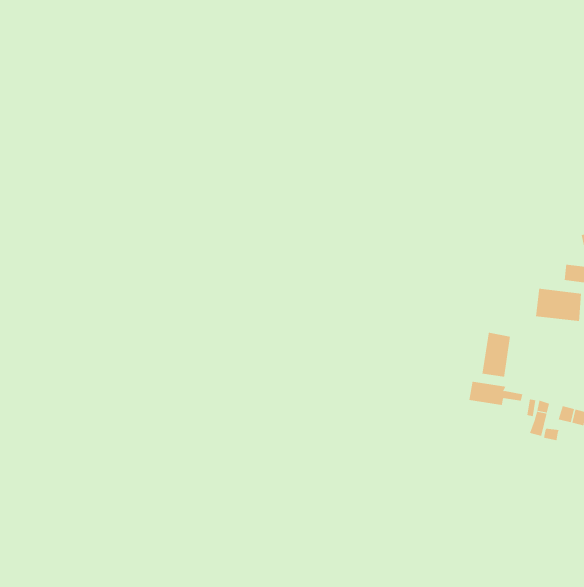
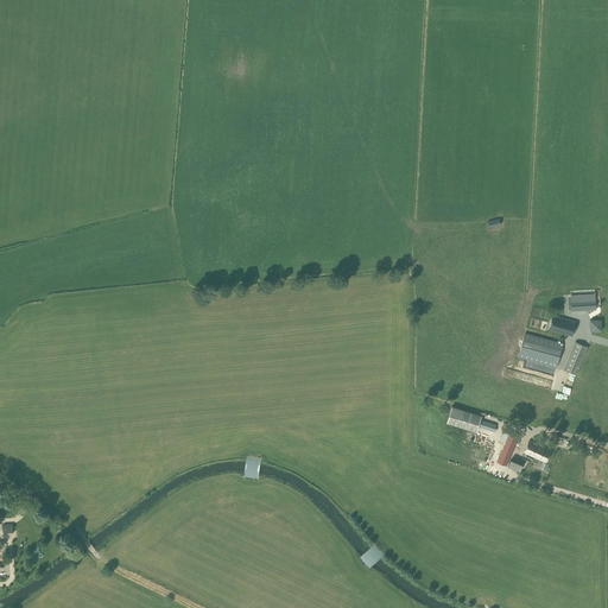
building: [482,332,511,377] -> none

